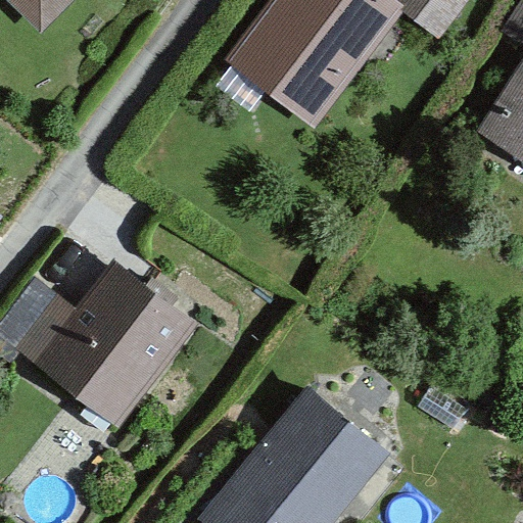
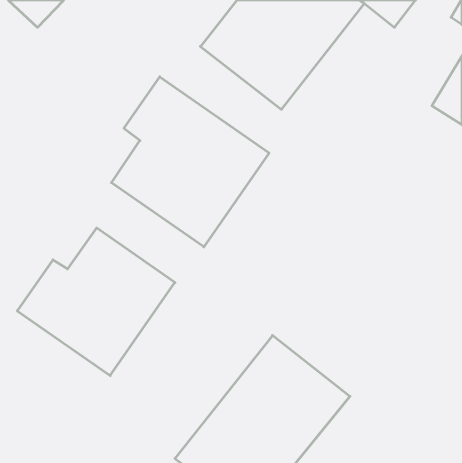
building: none -> [111,77,269,247]

